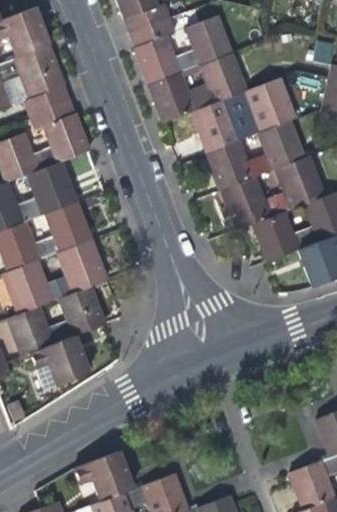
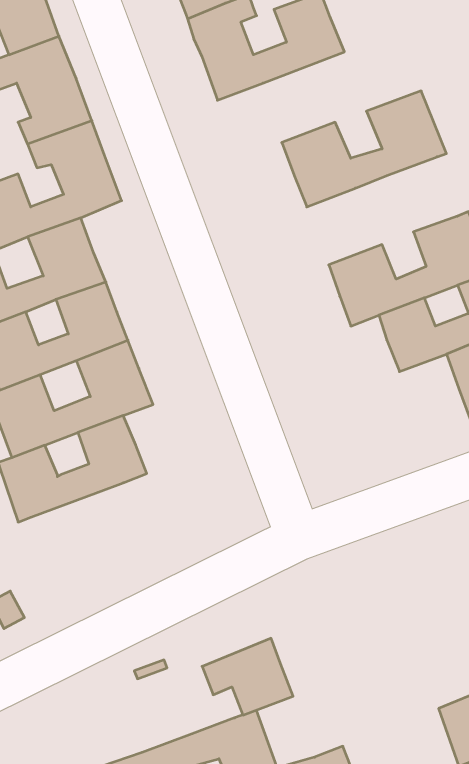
building: [150,54,245,122] -> none
building: [207,121,303,190] -> none
building: [31,335,89,384] -> none
building: [76,452,134,501] -> [202,638,293,715]

